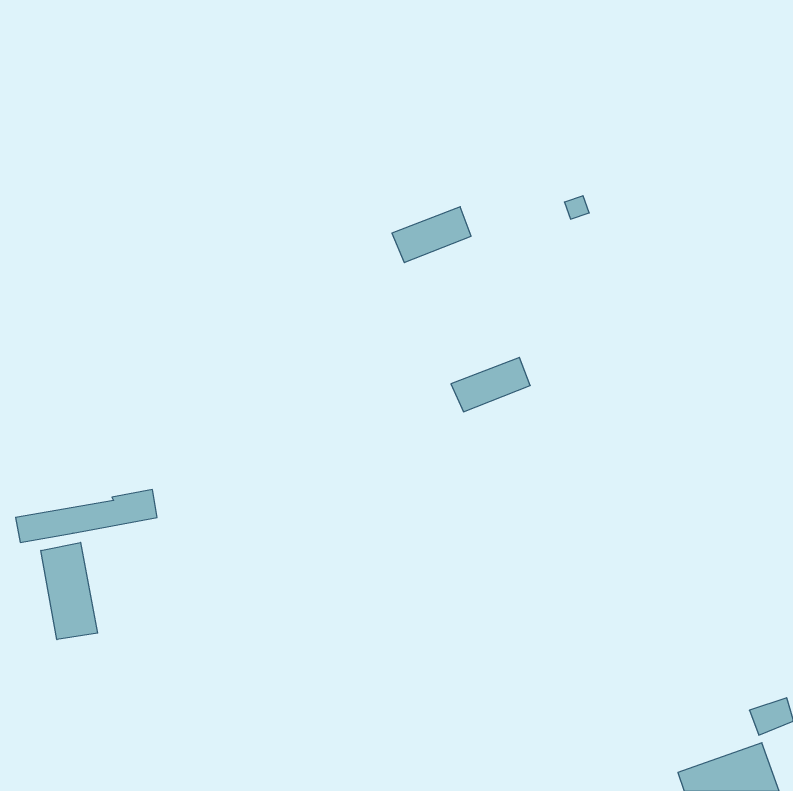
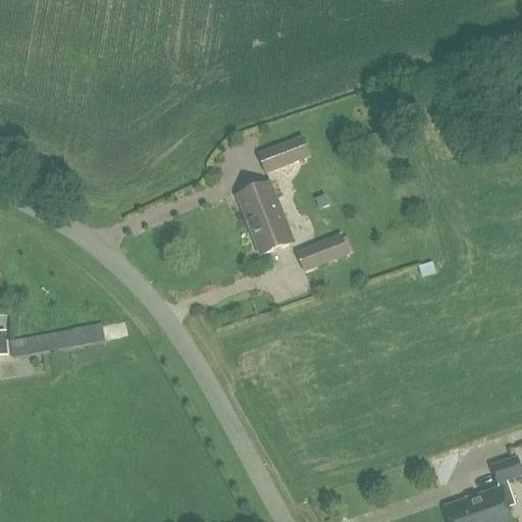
building: none -> [237,181,293,255]
building: [41,542,98,640] -> none

